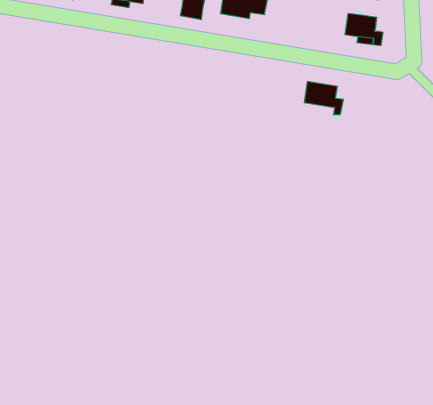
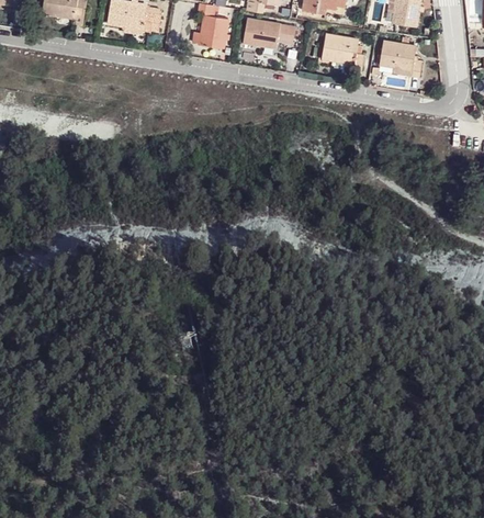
building: [304,81,343,114] -> [322,35,364,71]

